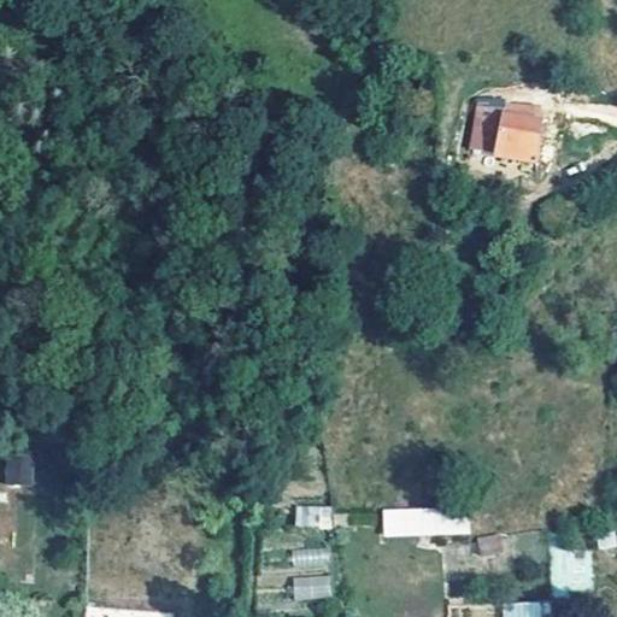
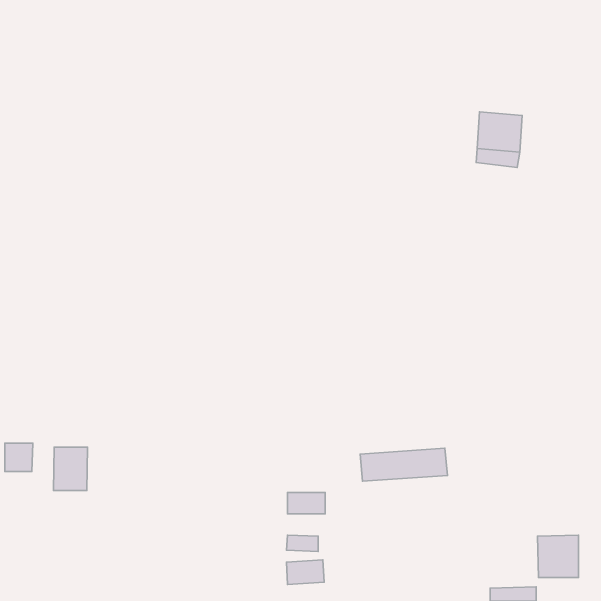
building: none -> [54,447,87,491]
building: [382,504,471,537] -> [360,448,447,481]

